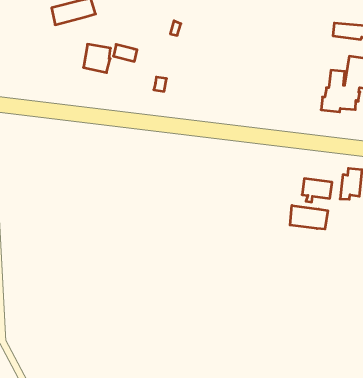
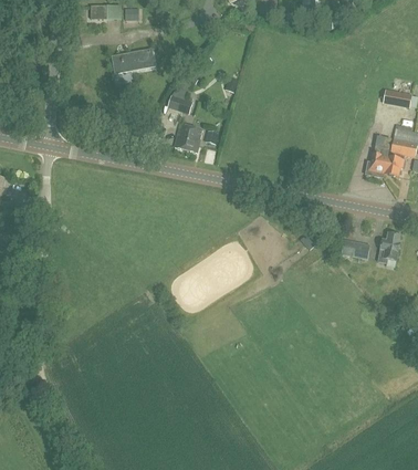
building: [83,44,111,73] -> [174,123,201,152]
building: [290,205,328,229] -> none

